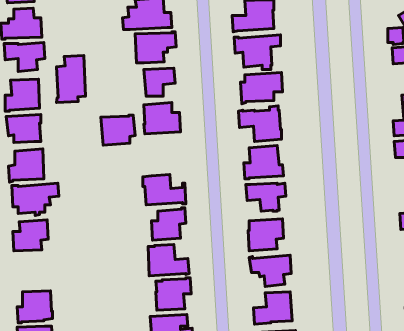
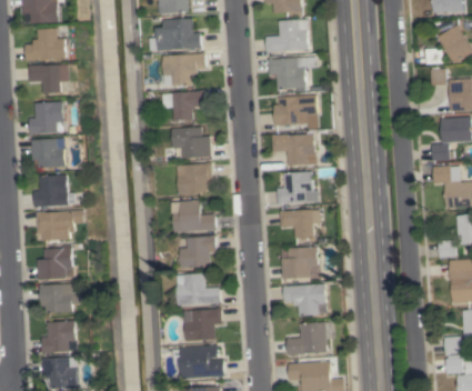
building: [56,56,85,103] -> none
building: [101,115,135,145] -> [178,163,213,194]
building: none -> [40,284,83,313]

